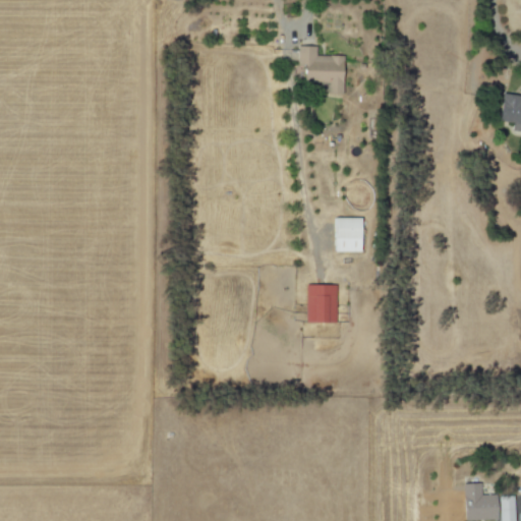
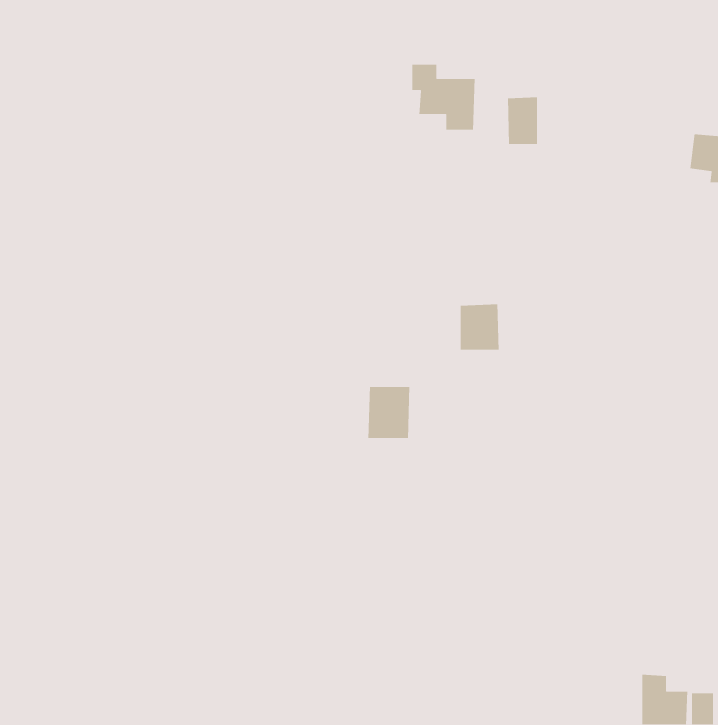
building: none -> [507,97,538,145]
building: [307,285,338,323] -> [368,386,410,439]

